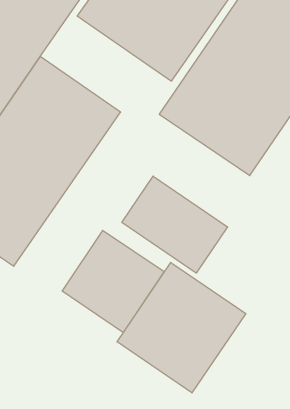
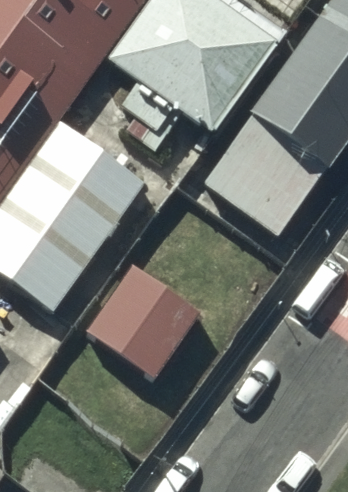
building: [122,176,228,273] -> none
building: [117,262,246,393] -> none

